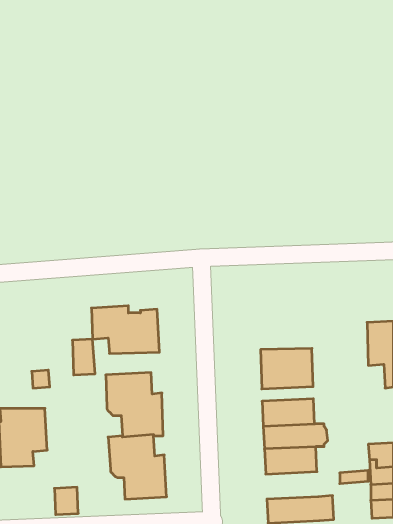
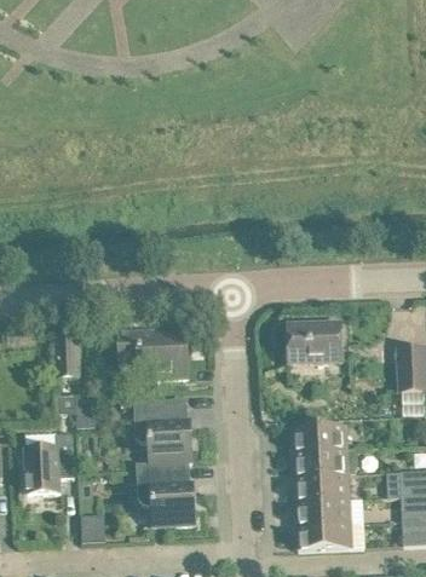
building: [72,339,95,375] -> [56,339,79,375]
building: [261,348,313,389] -> [288,321,341,362]
building: none -> [295,497,349,525]

